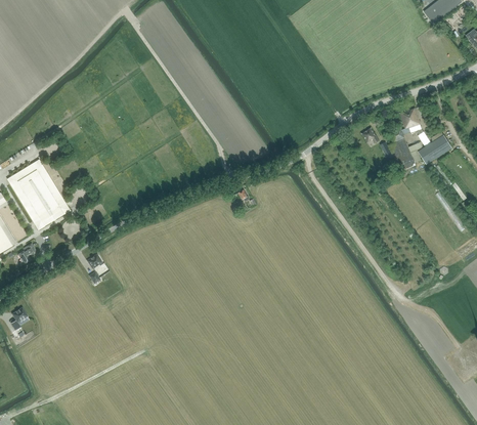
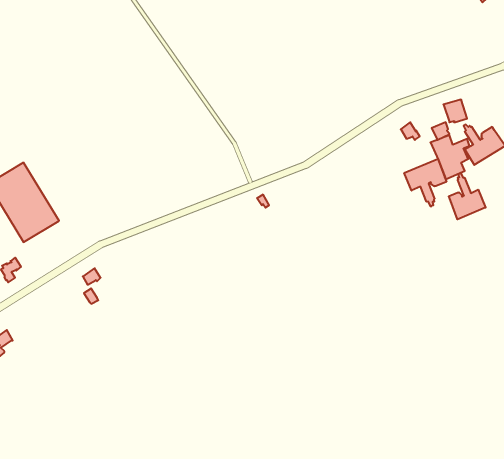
building: none -> [404,159,446,207]
building: none -> [449,173,486,219]

